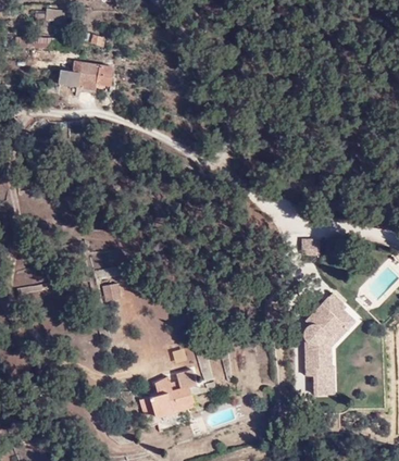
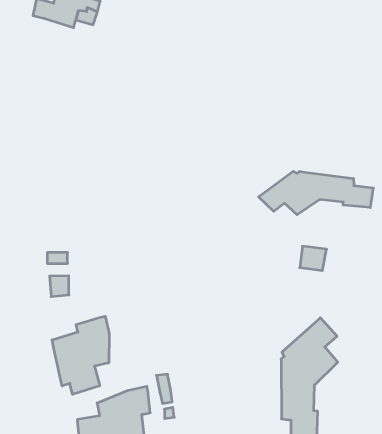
building: none -> [259,171,373,215]
building: none -> [52,316,109,394]

